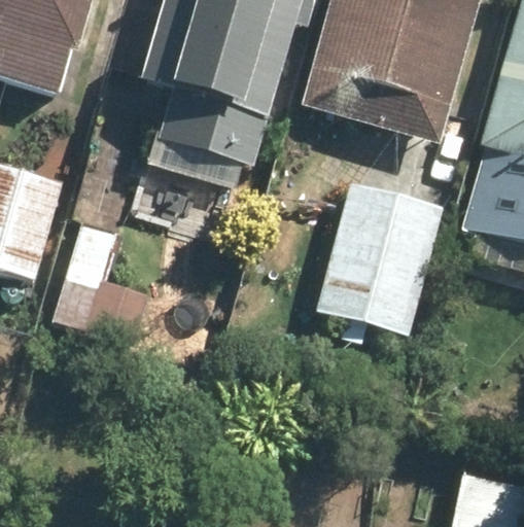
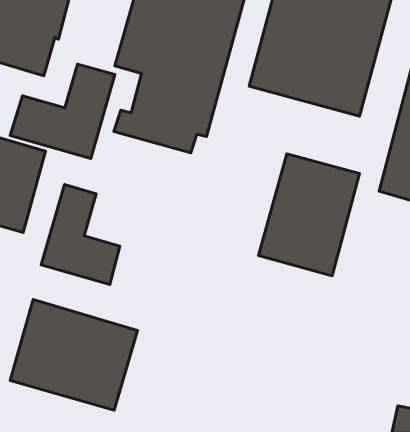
building: none -> [10,64,115,159]
building: none -> [10,299,137,410]

